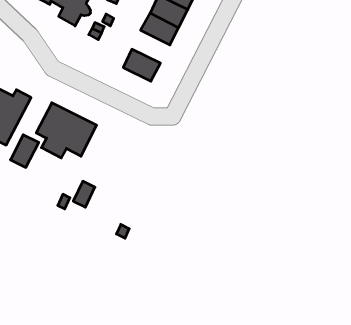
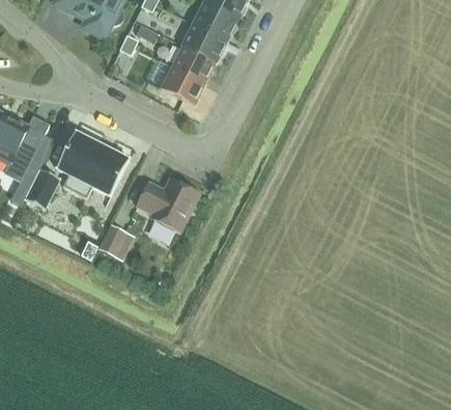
building: none -> [171,43,217,82]
building: none -> [137,177,199,230]

